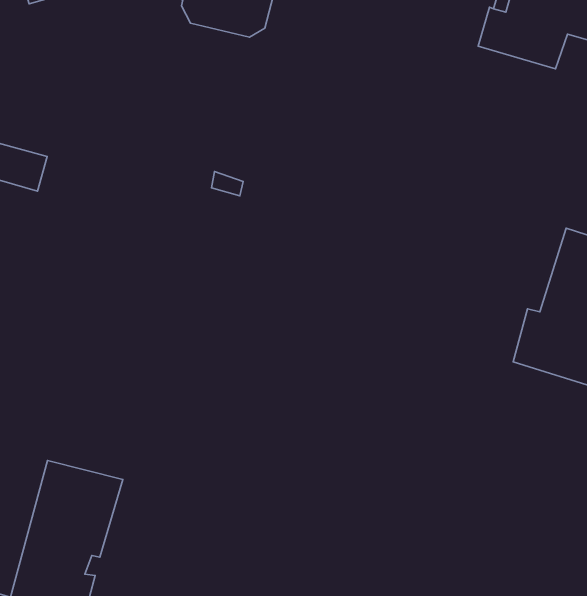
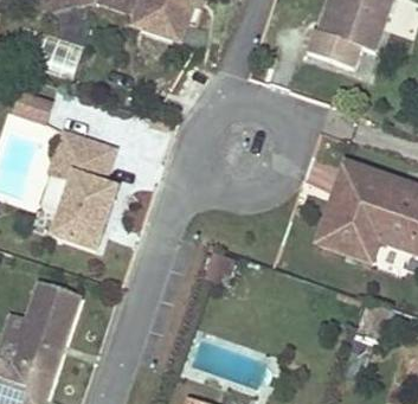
building: none -> [49,130,117,250]

